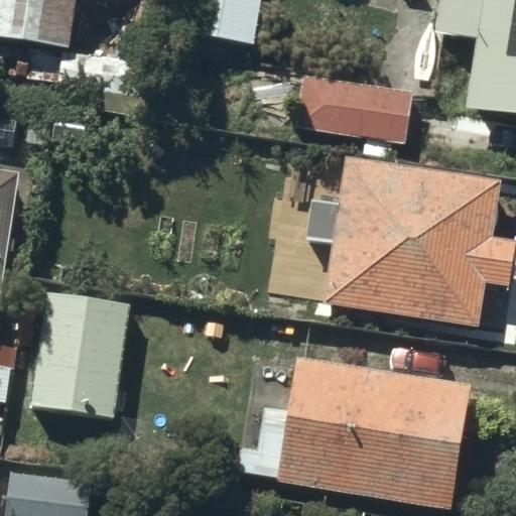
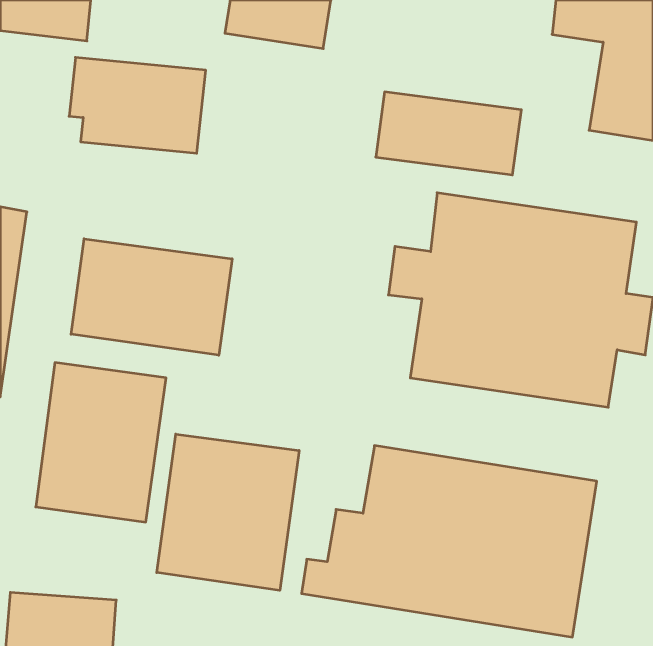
building: none -> [71,239,232,355]
building: none -> [157,434,299,590]

